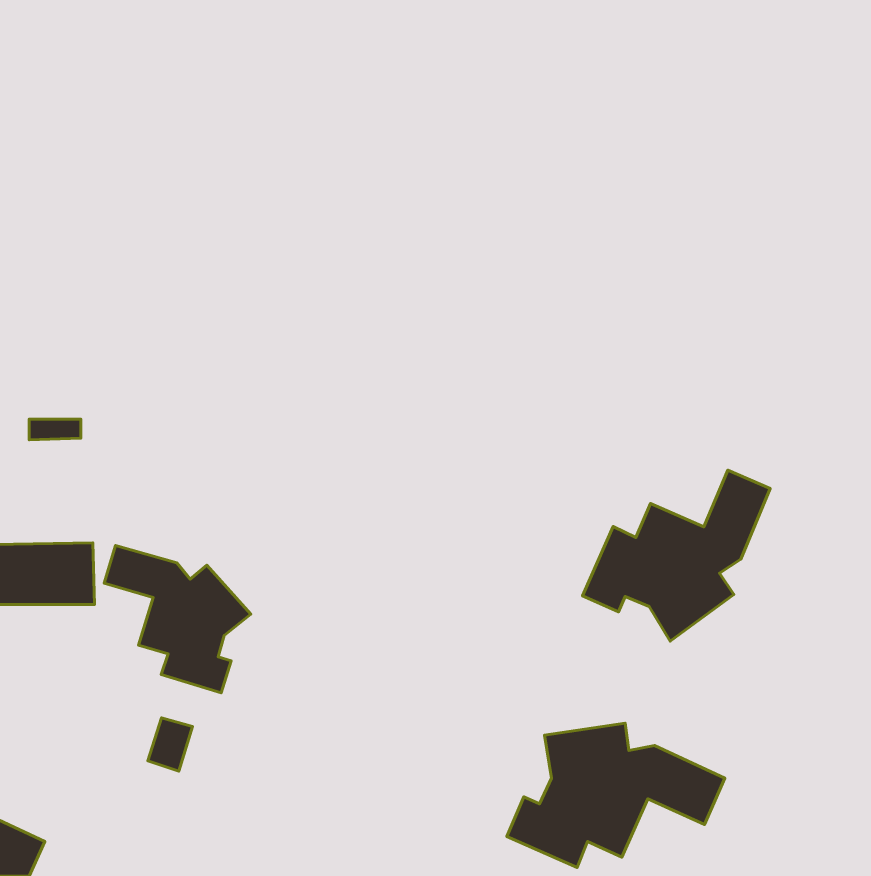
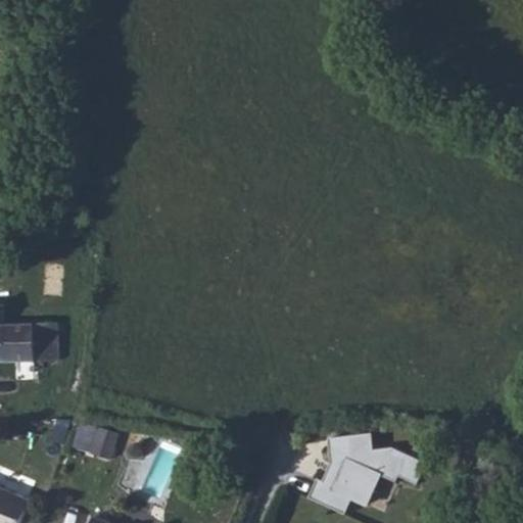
building: [583,470,770,641] -> none
building: [104,545,251,693] -> none

